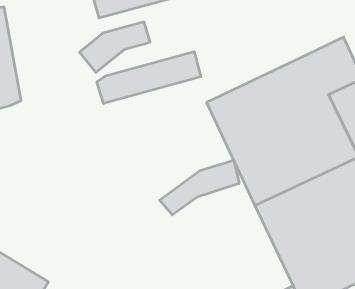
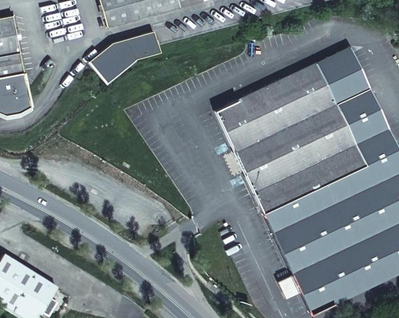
building: [97,52,201,104] -> none
building: [160,160,239,215] -> none

